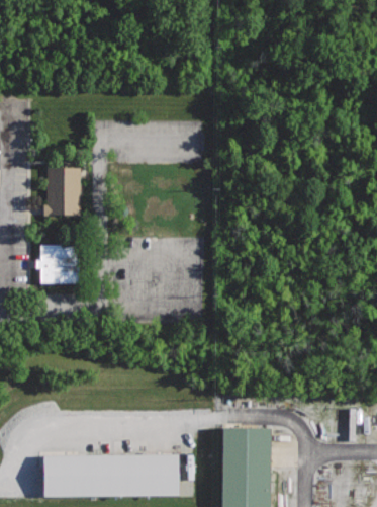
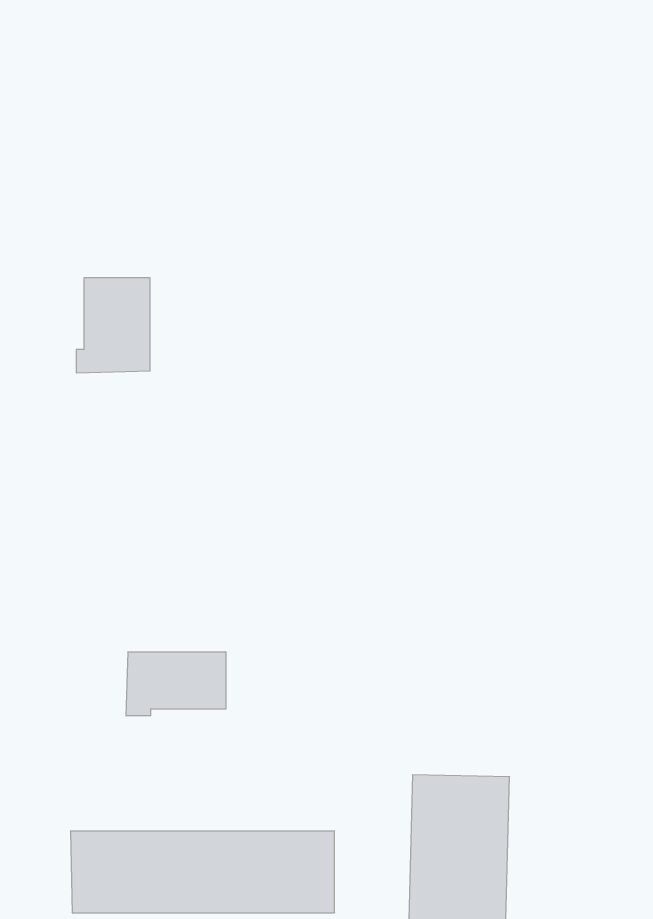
building: [37,246,82,283] -> none
building: none -> [126,652,226,716]

